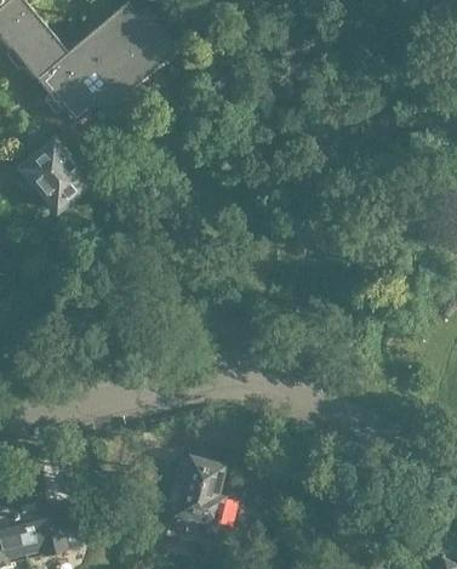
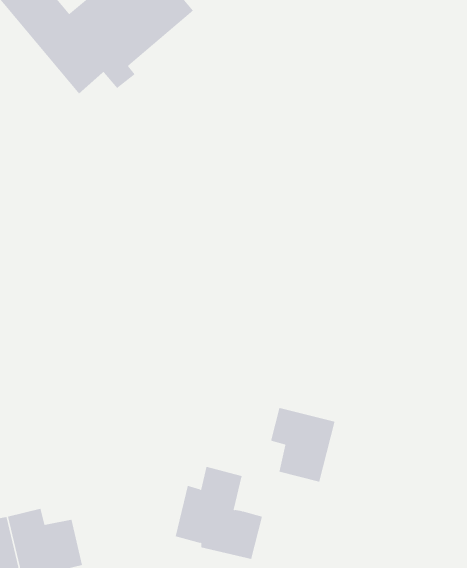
building: [17,127,90,210] -> none
building: none -> [270,407,335,482]

